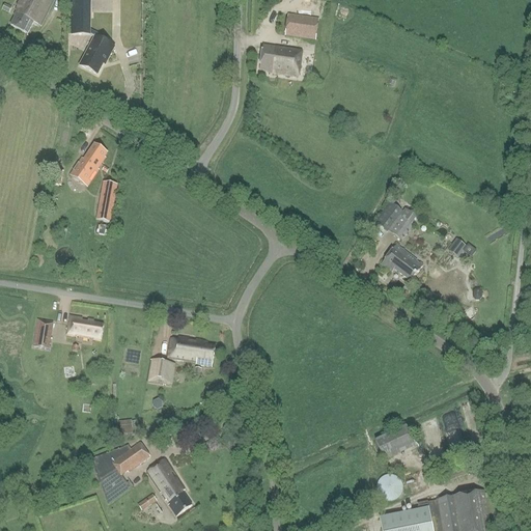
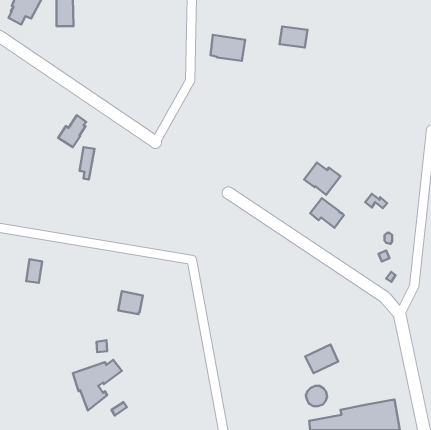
building: [284,11,318,37] -> [280,26,307,48]
building: [79,33,113,72] -> none
building: [66,314,104,340] -> none
building: [167,335,213,366] -> none
building: [146,457,193,514] -> none

